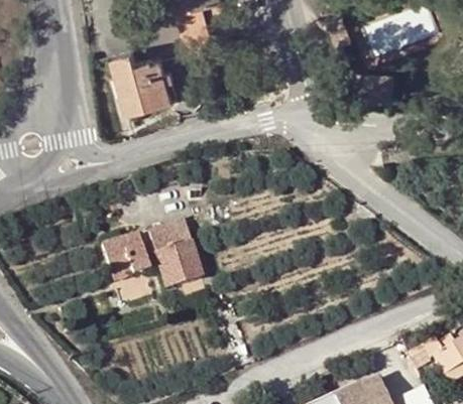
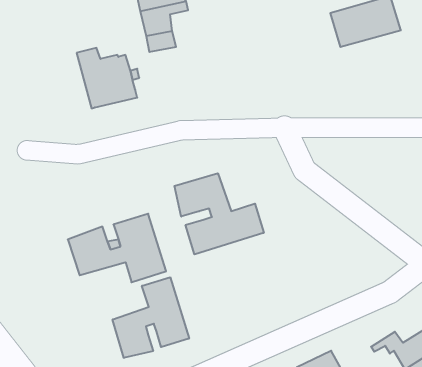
building: none -> [174,173,264,254]
building: none -> [113,277,189,358]

